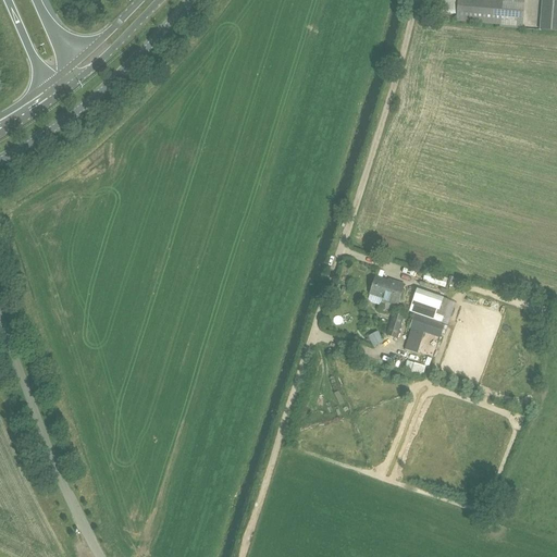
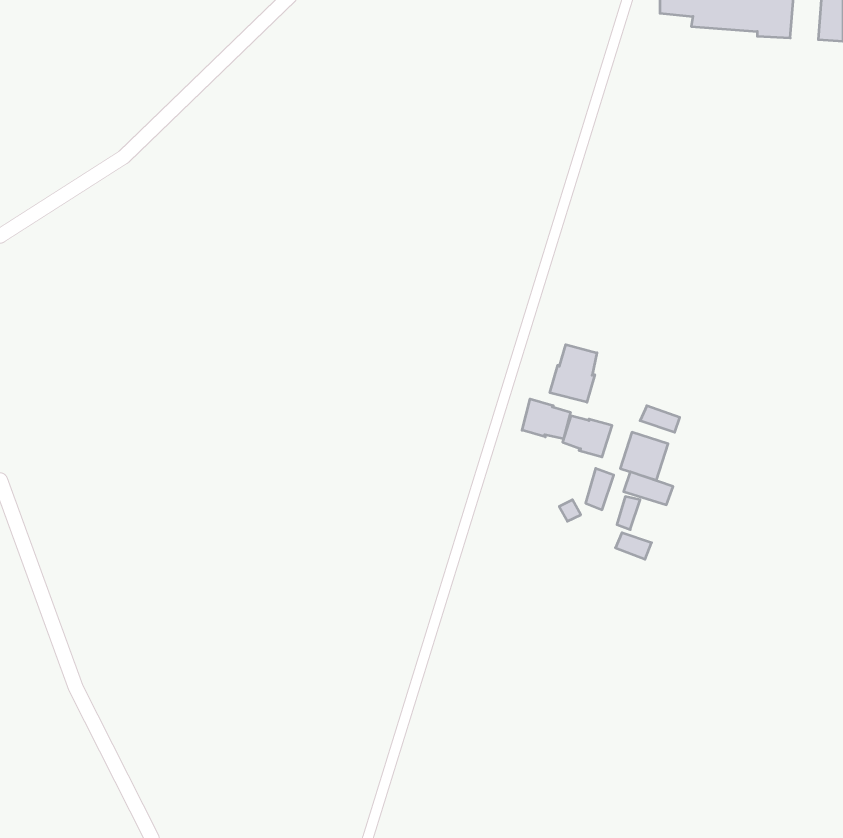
building: none -> [550,345,597,402]
building: none -> [522,399,570,439]

